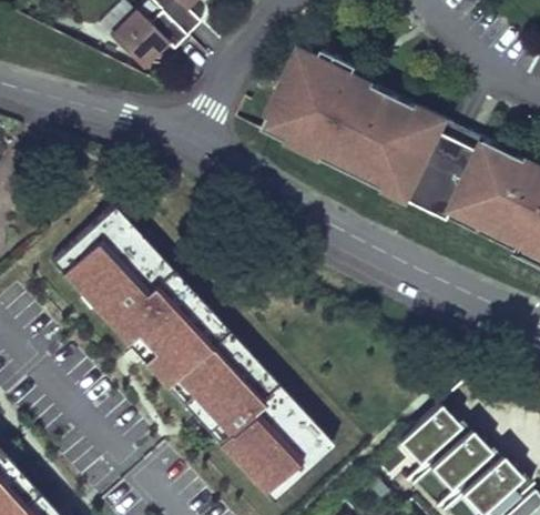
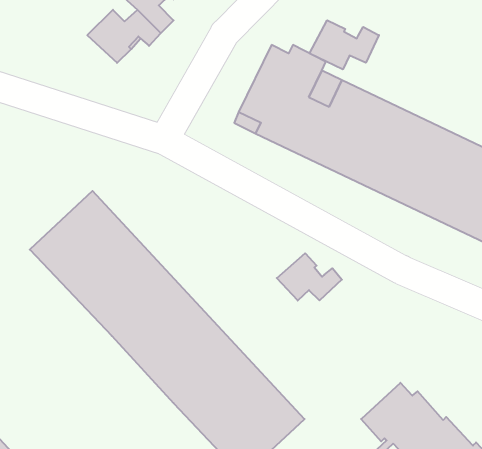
building: none -> [310,20,379,69]
building: none -> [277,253,342,301]

